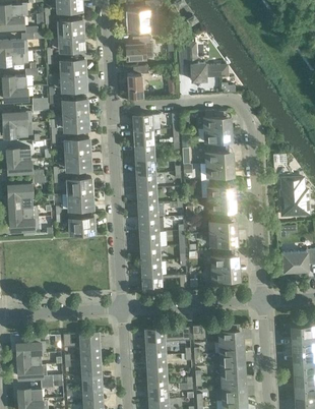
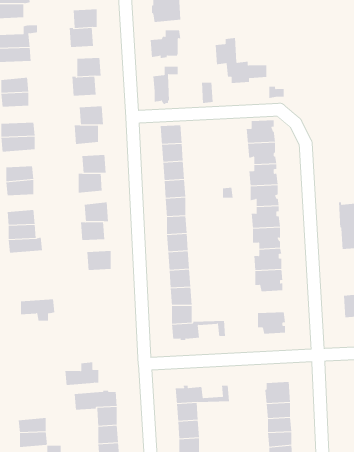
building: [9,218,38,236] -> [20,299,55,321]
building: [210,250,234,269] -> none
building: [15,337,44,356] -> [64,362,99,386]

